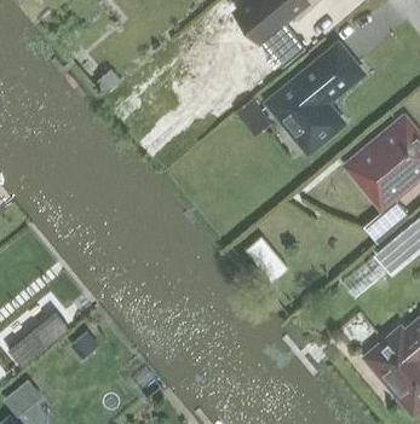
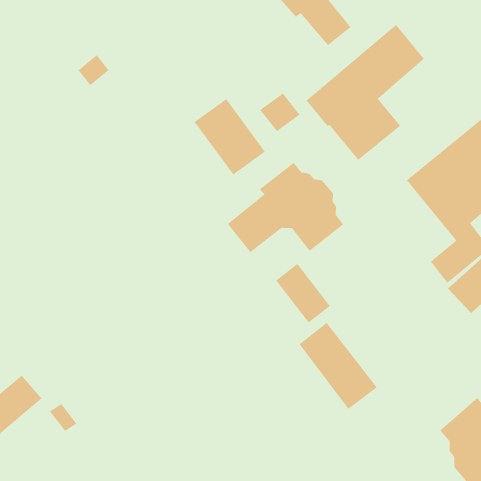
building: none -> [194,98,266,176]
building: none -> [227,162,344,253]
building: none -> [299,322,378,410]

